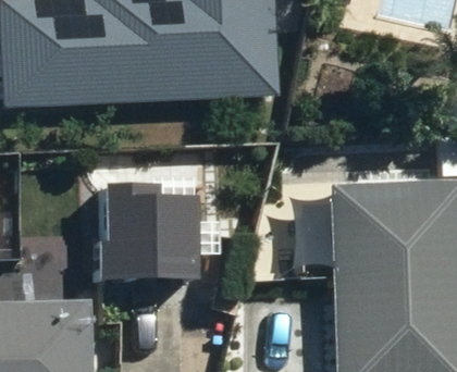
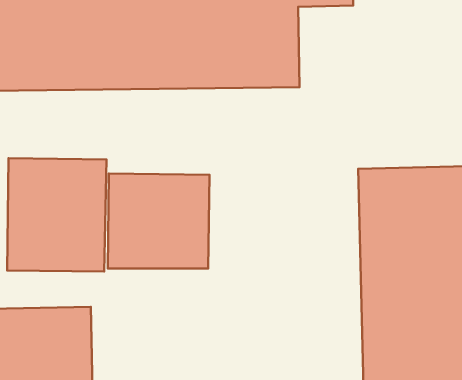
building: none -> [7,158,107,271]

